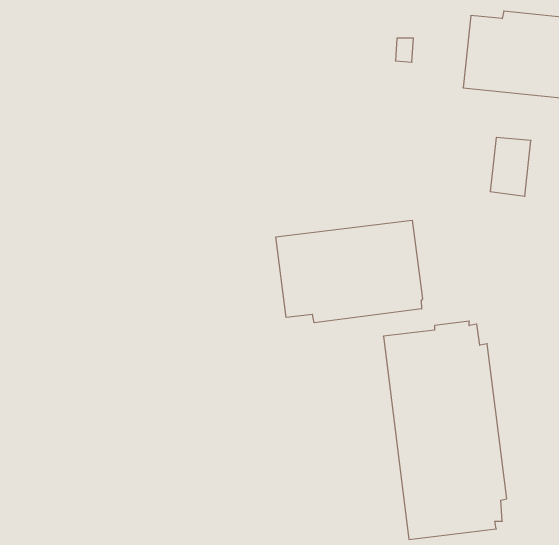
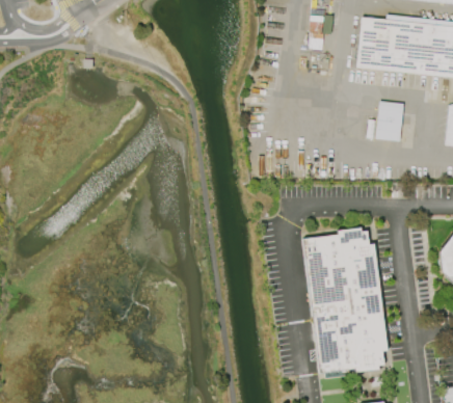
building: [276,220,422,323] -> none

